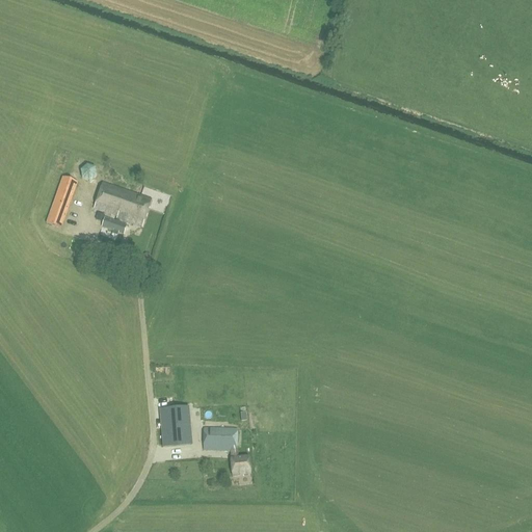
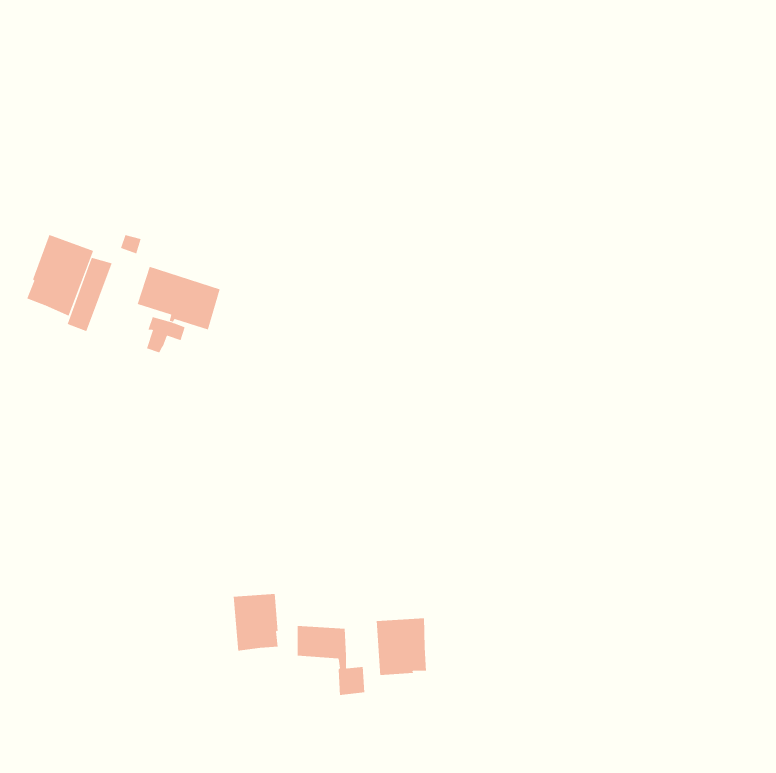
building: none -> [27,234,94,316]
building: none -> [376,618,427,676]

